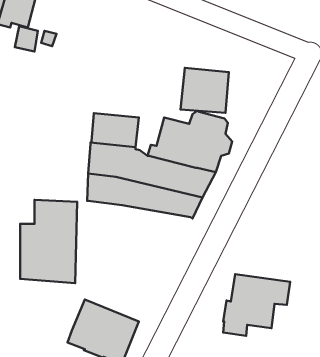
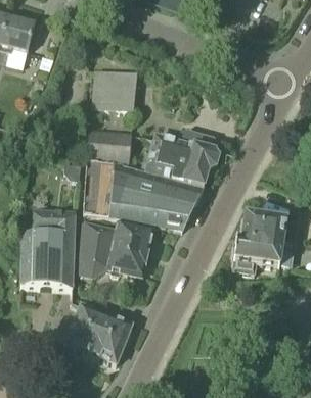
building: [181,68,229,113] -> [91,69,136,111]
building: none -> [79,223,151,278]
building: [223,274,290,336] -> [233,215,296,272]

